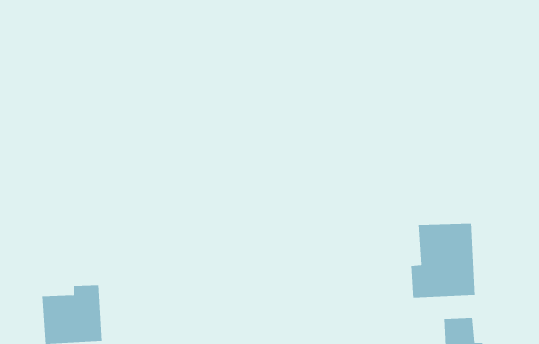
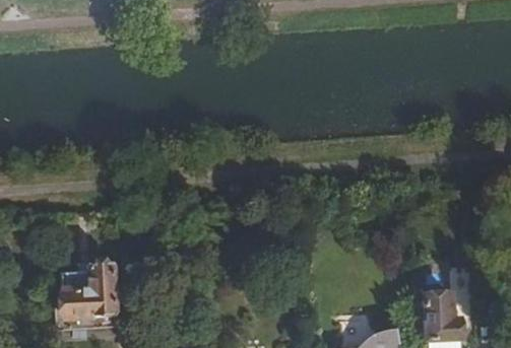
building: [411,223,475,298] -> none

